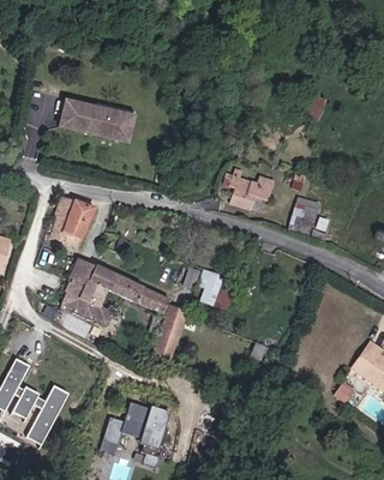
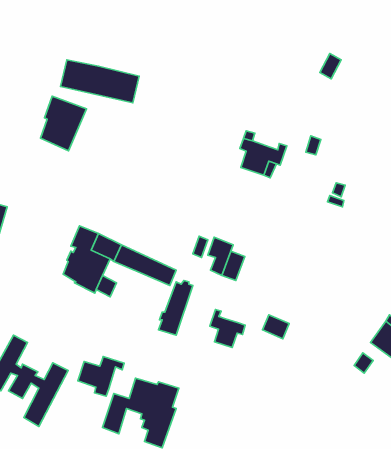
building: [52,194,95,246] -> [41,96,86,151]
building: [288,202,318,234] -> none
building: none -> [210,309,245,348]
building: none -> [78,356,124,396]

